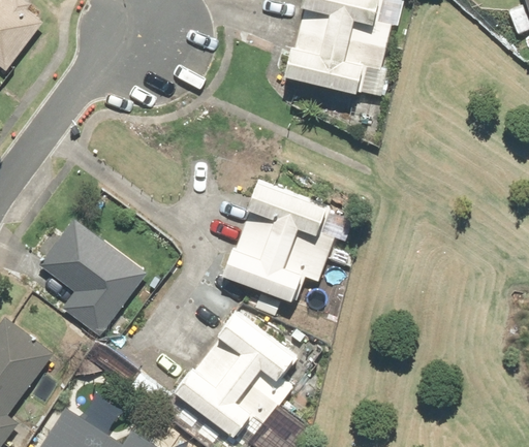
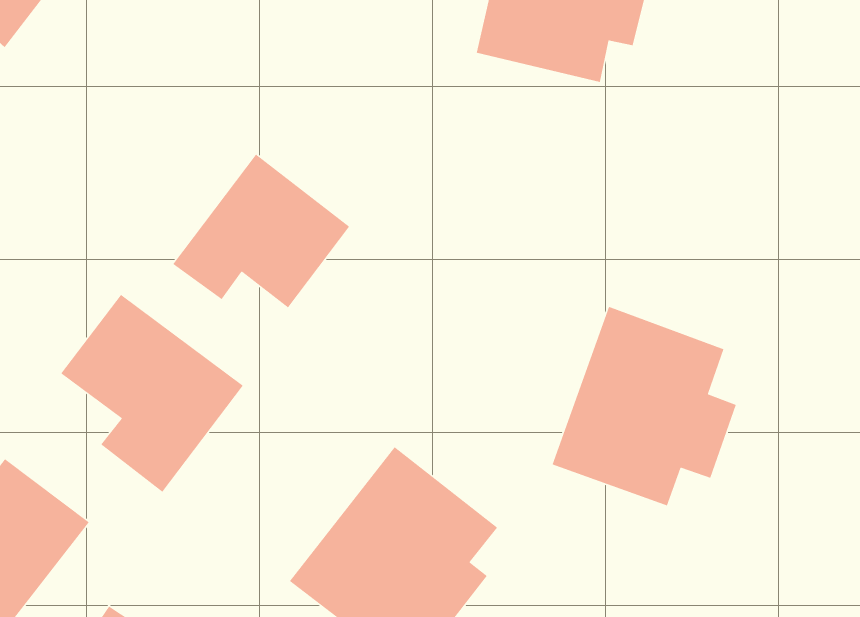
building: none -> [172,154,350,309]
building: [224,181,335,300] -> [551,306,737,506]

